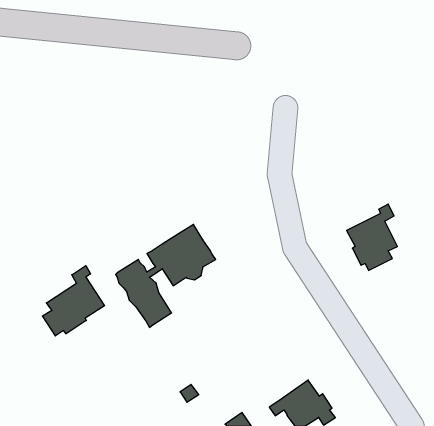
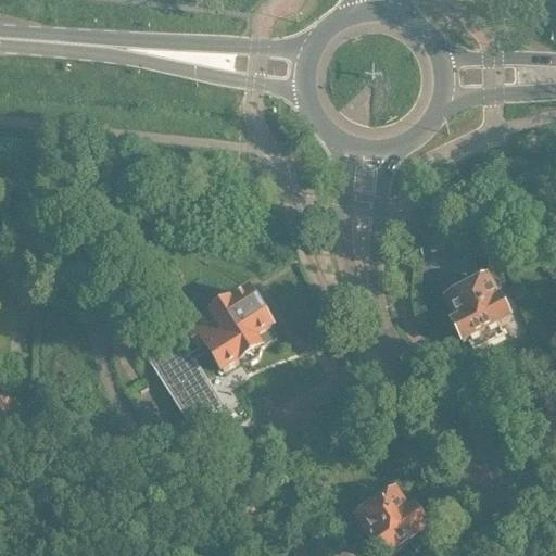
building: [42,266,105,336] -> none

